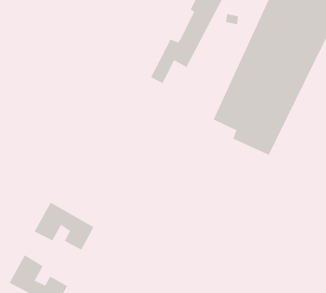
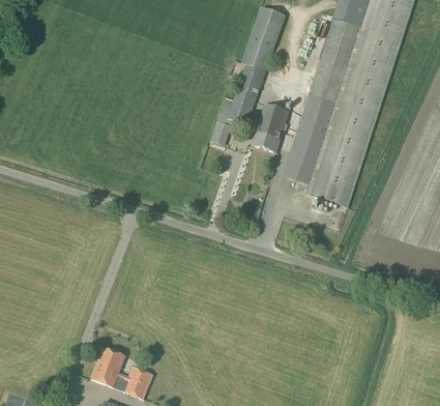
building: none -> [252,103,289,151]
building: [34,202,94,251] -> none

